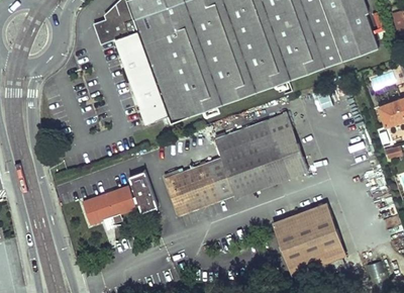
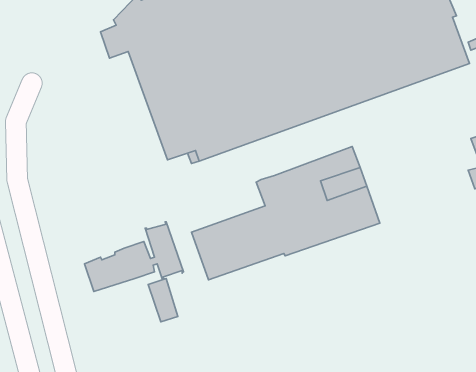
building: [272,203,345,277] -> none
building: none -> [148,278,178,322]

